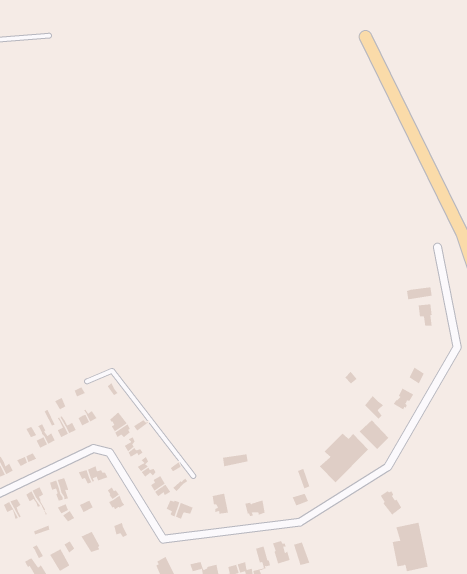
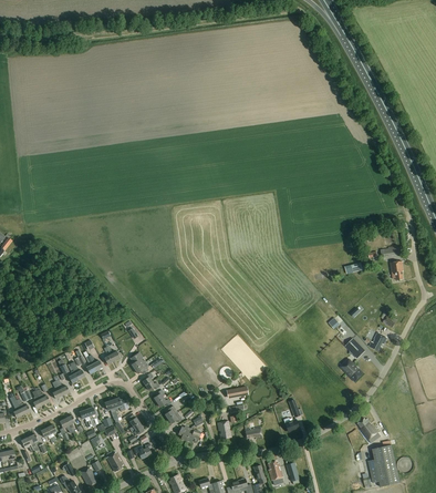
building: [319,433,369,483] -> none

